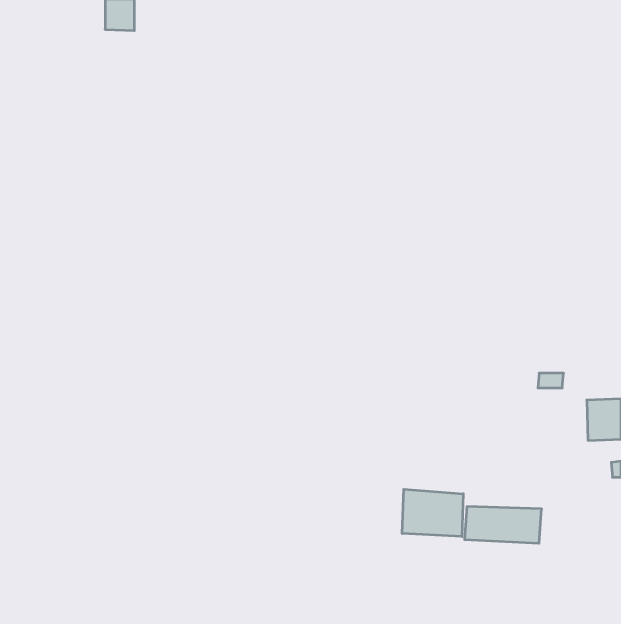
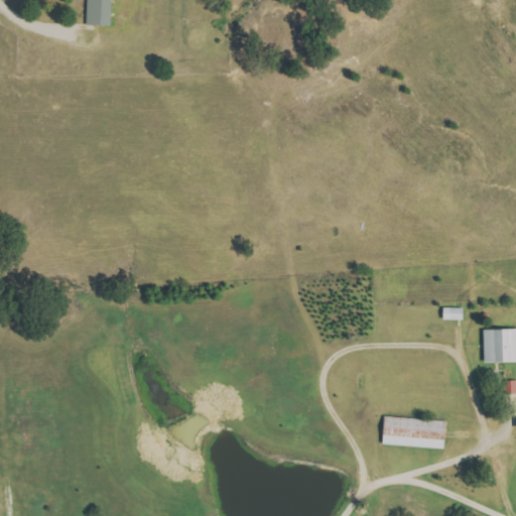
building: [402,489,463,537] -> none

